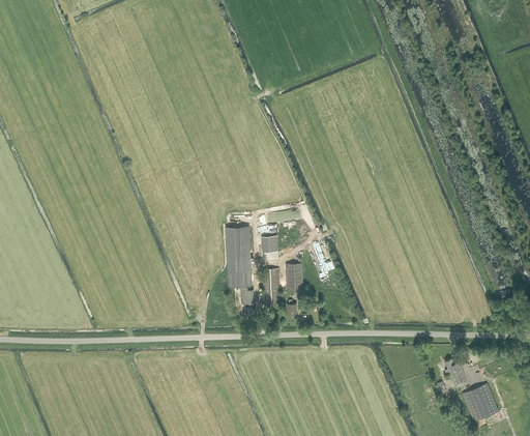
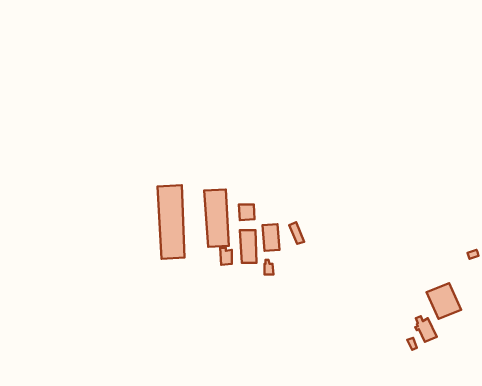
building: none -> [158,185,185,259]
building: [463,383,499,420] -> [426,283,461,319]

